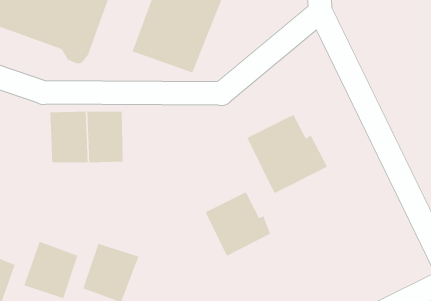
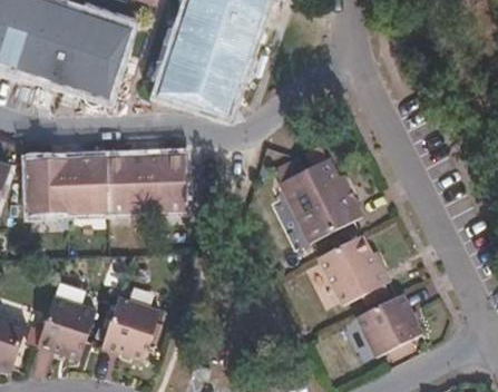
building: none -> [143,154,203,209]
building: none -> [28,156,66,212]
building: [205,192,271,257] -> [319,235,390,305]
building: none -> [358,293,423,355]

